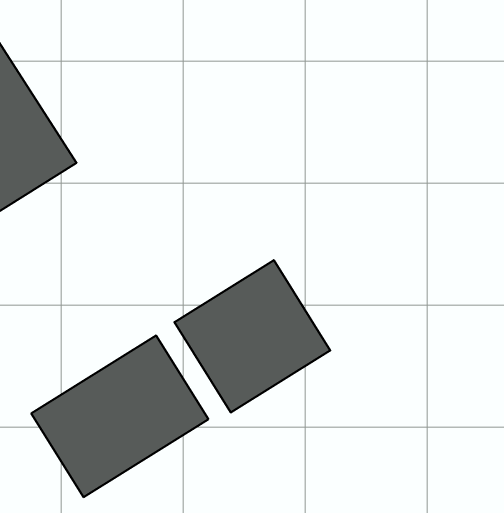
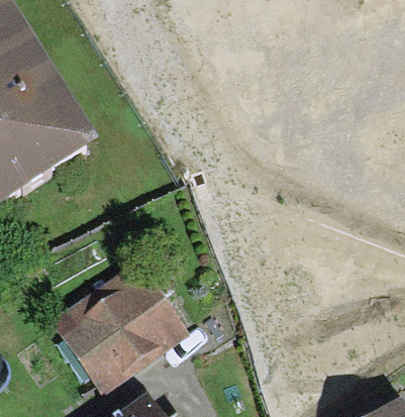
building: [174,260,330,413] -> none

